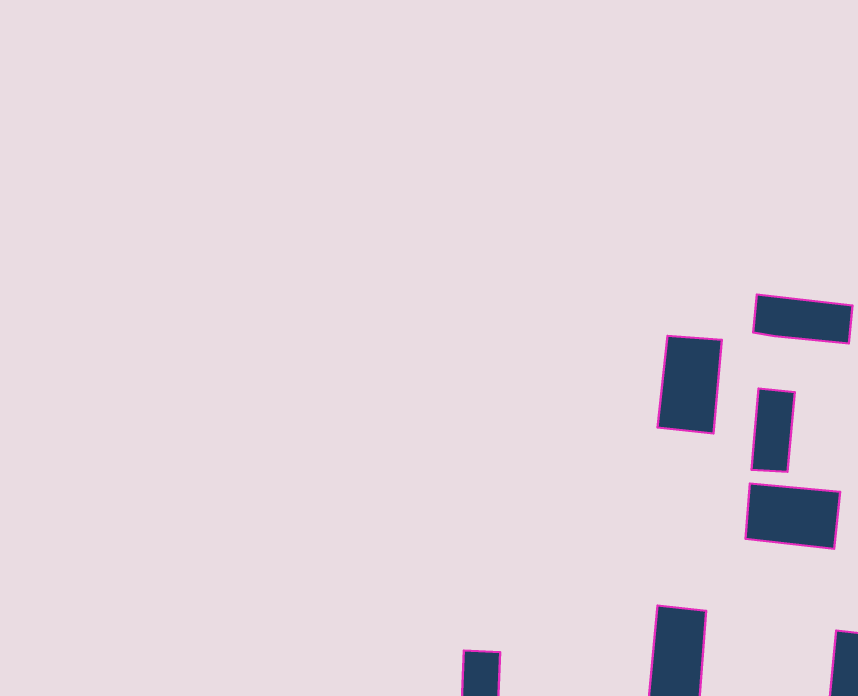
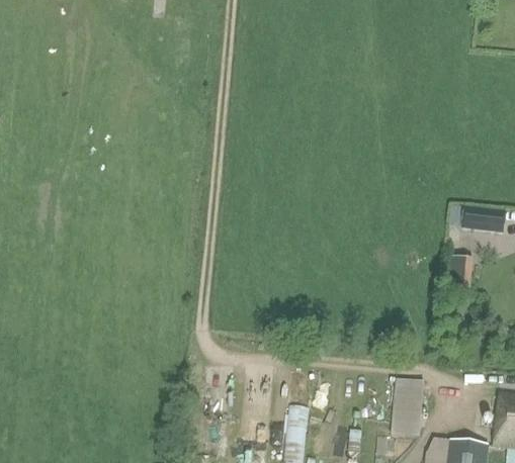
building: [658,336,722,433] -> none
building: [746,484,840,549] -> none

